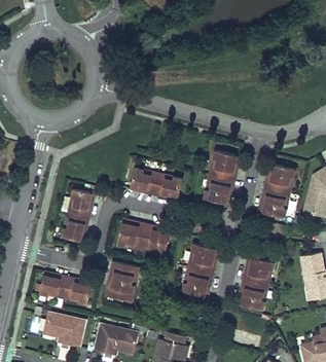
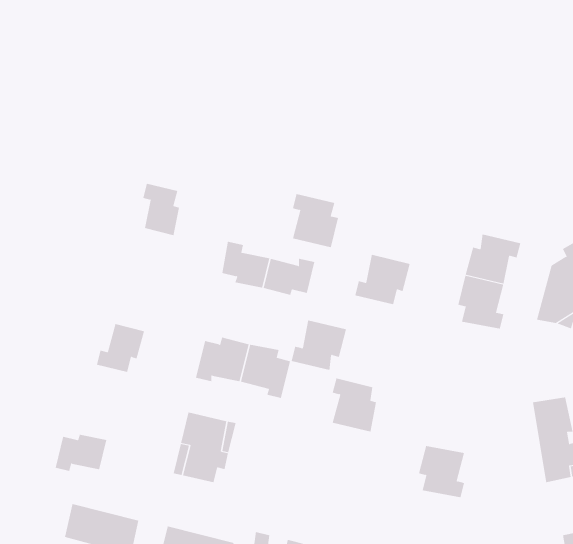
building: [213,150,239,180] -> [292,194,339,248]
building: [71,188,92,217] -> [142,183,180,236]
building: [243,256,274,284] -> none
building: [182,267,213,295] -> [291,320,347,370]
building: [64,277,90,303] -> none

